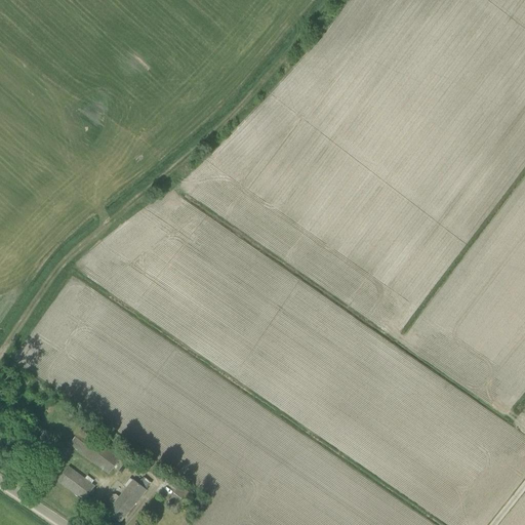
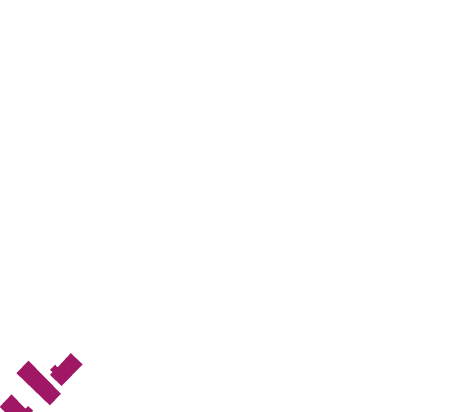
building: none -> [49,352,83,387]

